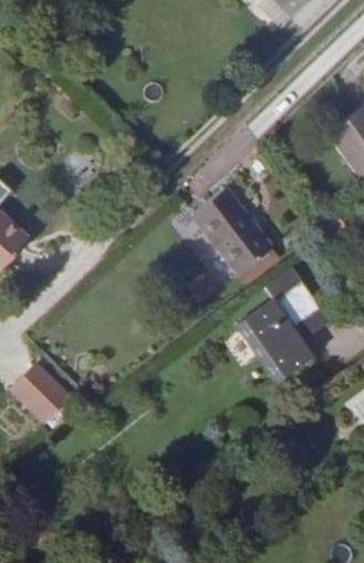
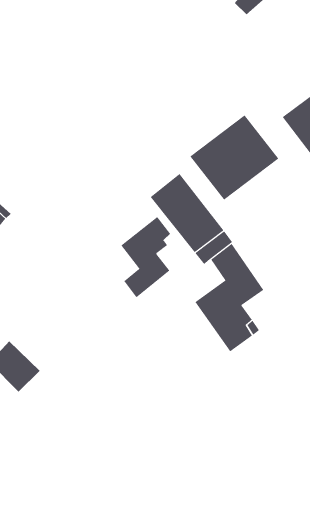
building: none -> [190,114,279,201]
building: none -> [121,216,171,298]

